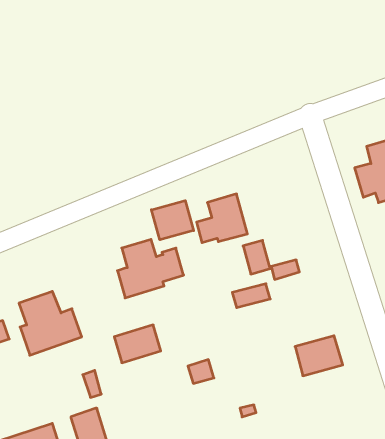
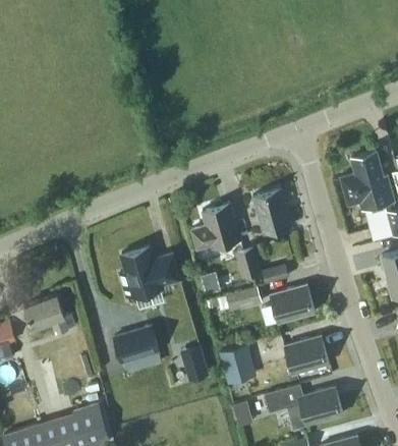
building: none -> [252,188,291,233]
building: [151,201,194,240] -> none
building: none -> [260,285,315,326]
building: none -> [219,345,251,384]
building: none -> [263,384,343,429]

